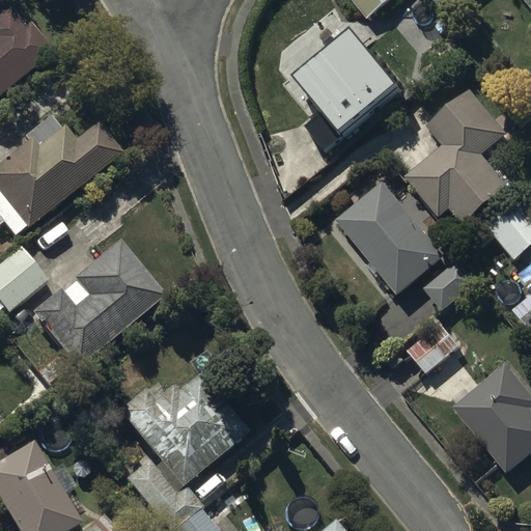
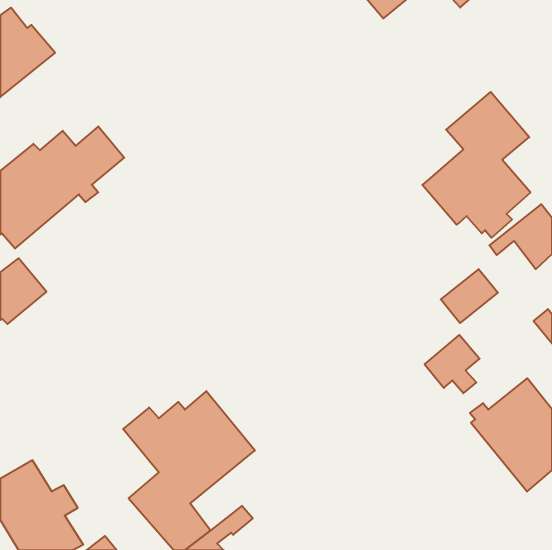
building: [294,29,395,148] -> none
building: [336,179,445,292] -> none
building: [31,240,163,366] -> none

